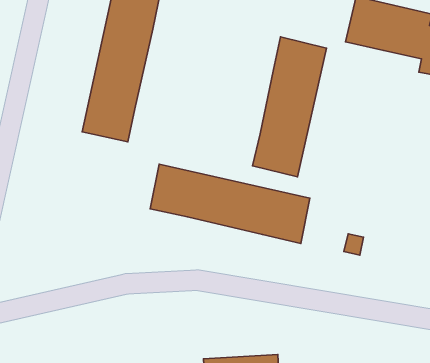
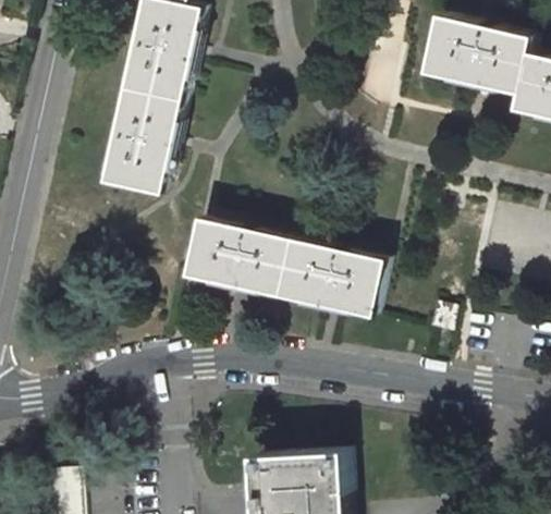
building: [252,37,327,177] -> none

